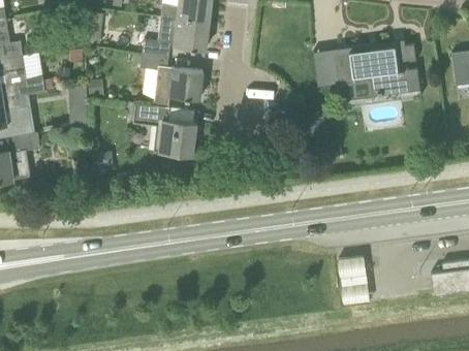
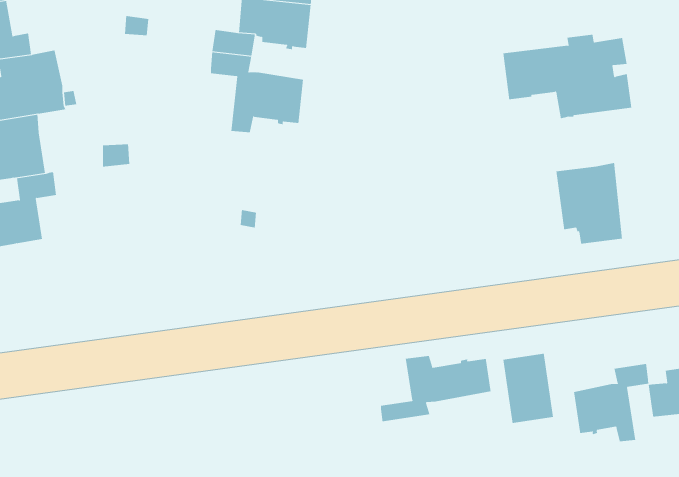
building: [133,102,197,157] -> none
building: none -> [556,162,623,244]
building: none -> [380,355,491,422]
building: none -> [574,363,649,442]

